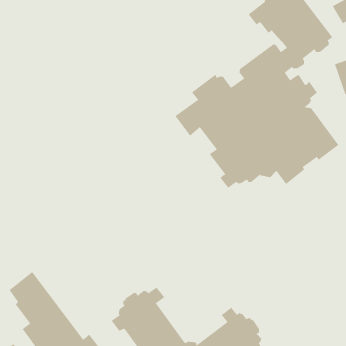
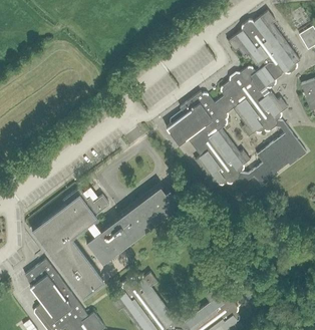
building: none -> [32,187,179,297]

